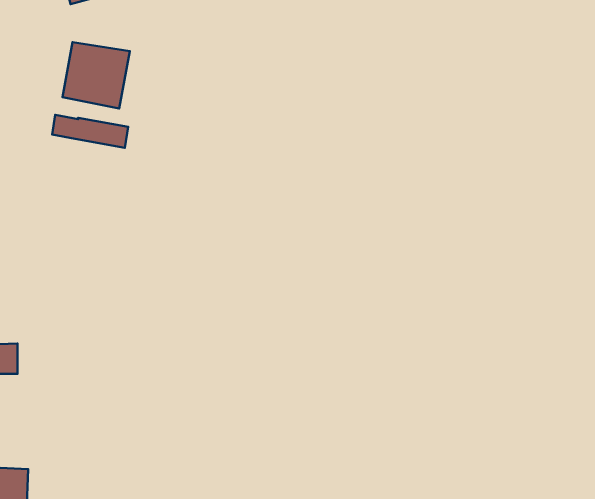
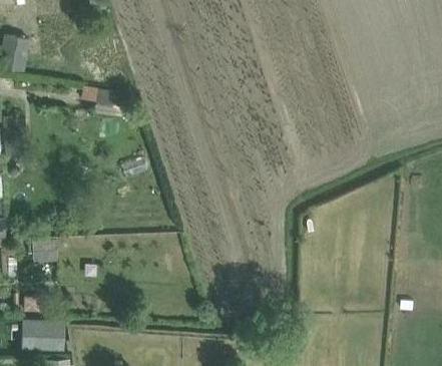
building: [63,42,130,108] -> none

